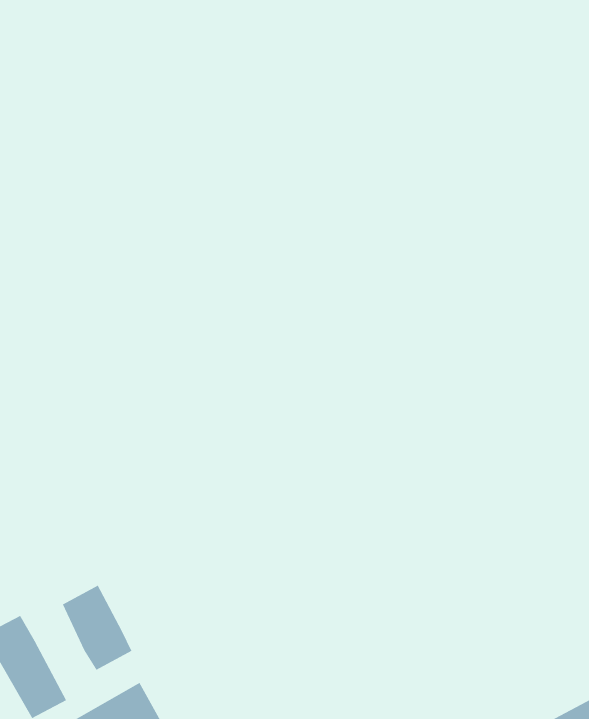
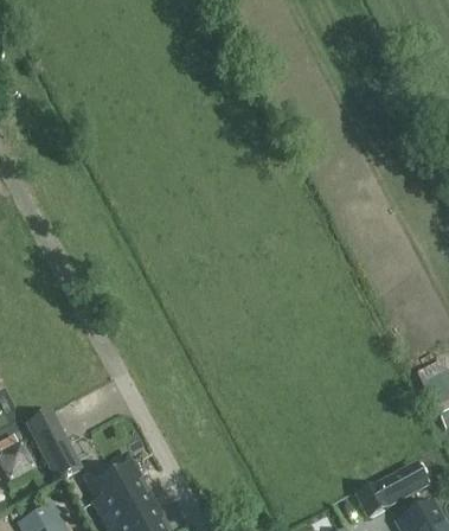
building: [62,585,133,671] -> none

